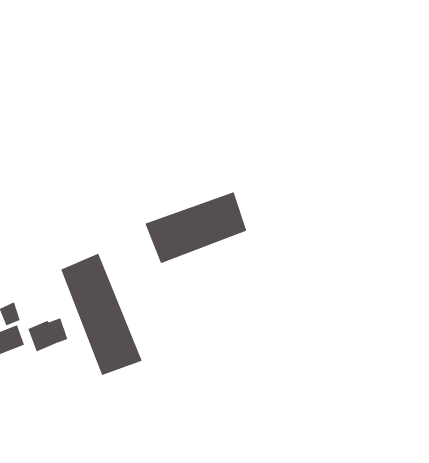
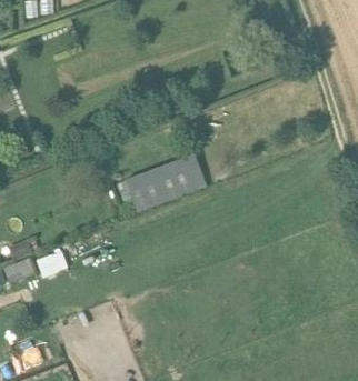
building: [61,253,143,376] -> none

